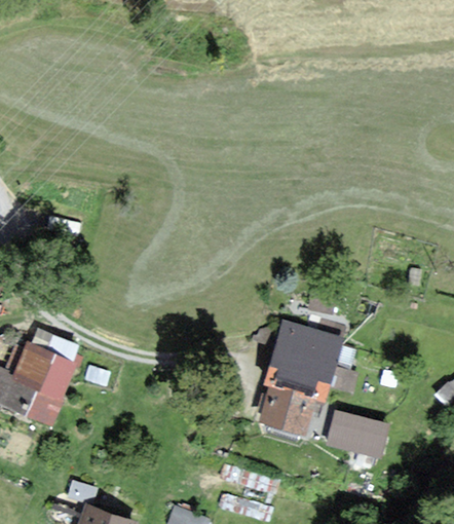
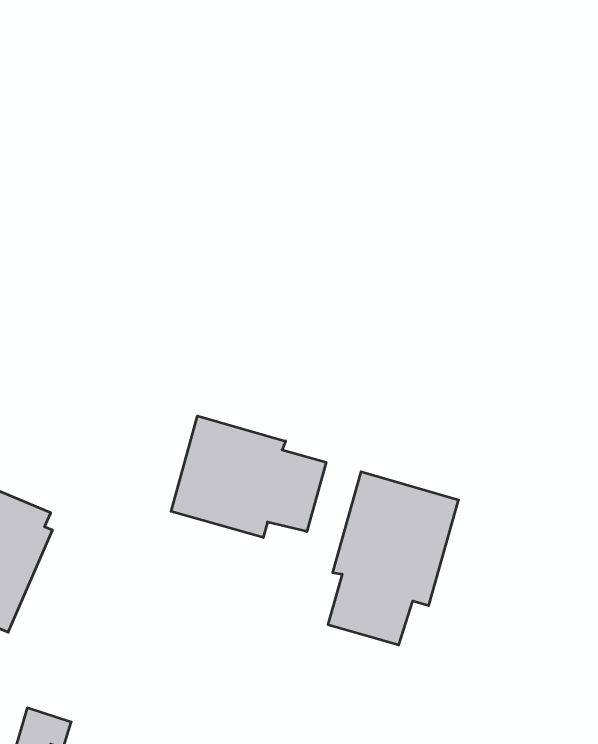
building: none -> [171,416,326,538]
building: [323,407,388,456] -> none

